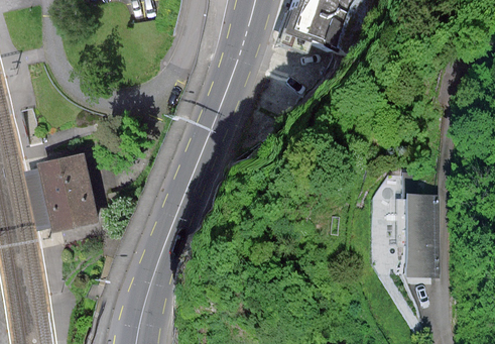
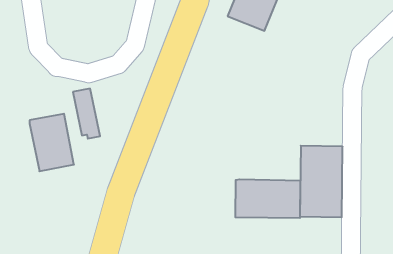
building: [26,164,59,226] -> [73,89,100,139]
building: none -> [235,179,300,218]

